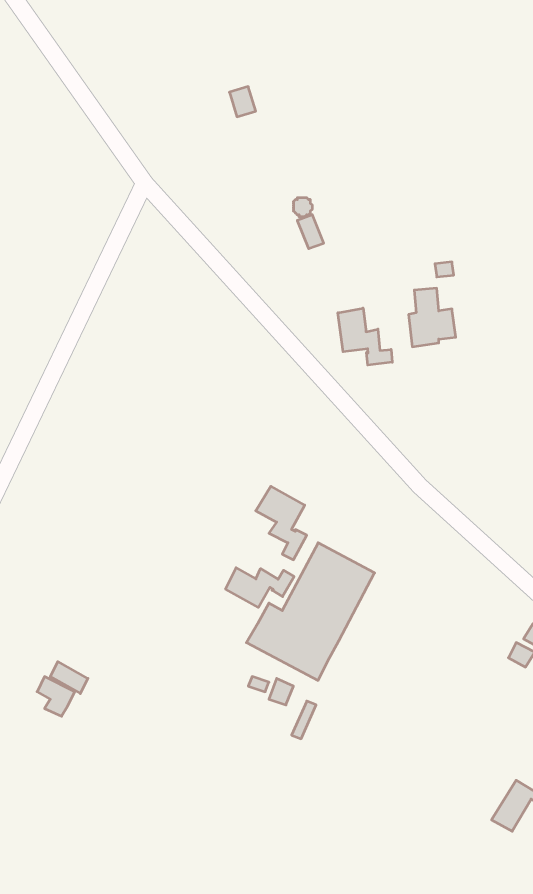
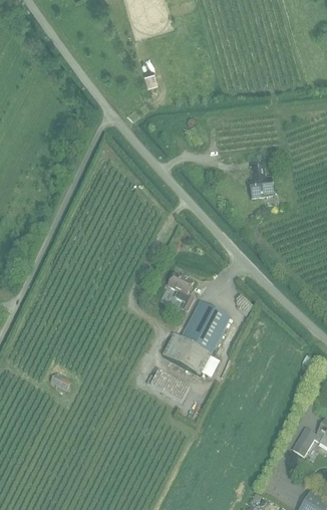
building: [338,308,392,365] -> none
building: [226,568,294,607] -> none

